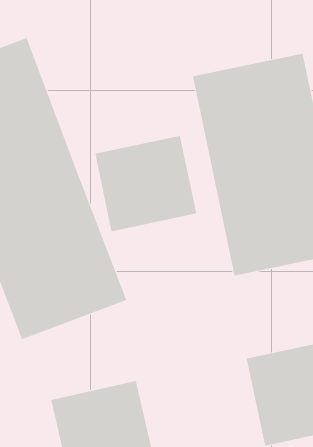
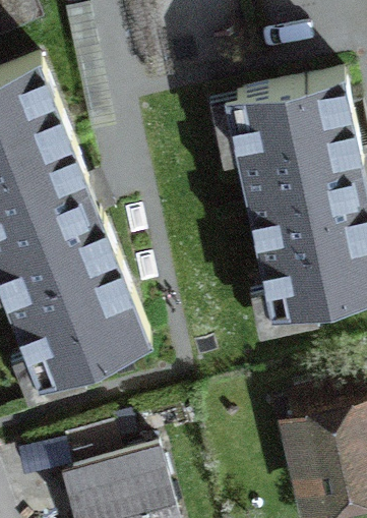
building: [95,135,197,232] -> none

